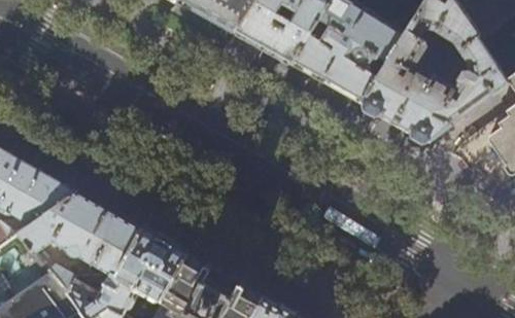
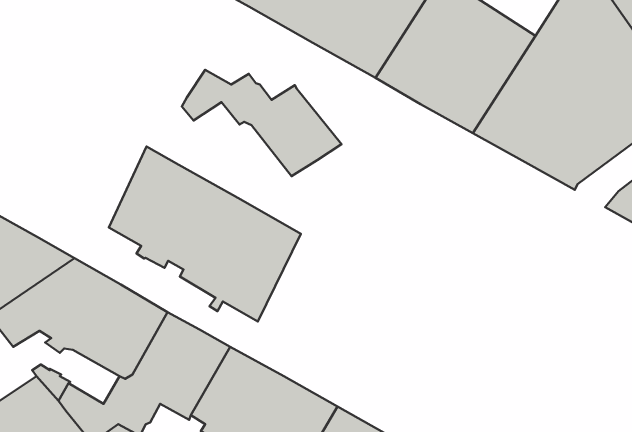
building: none -> [182,70,342,176]
building: none -> [109,146,301,322]

